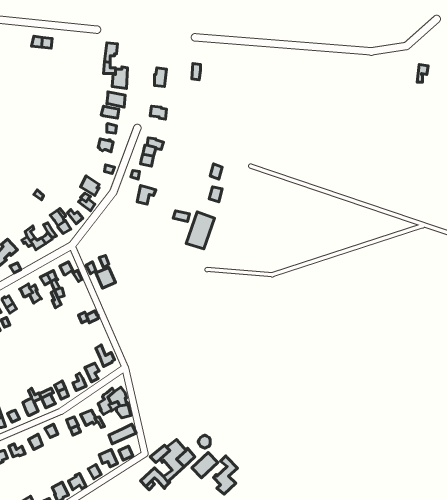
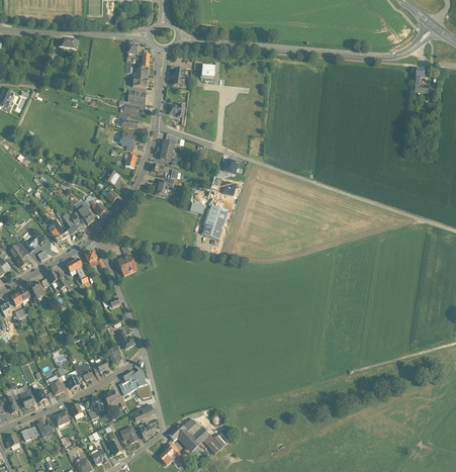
building: [213,456,237,494] -> none

